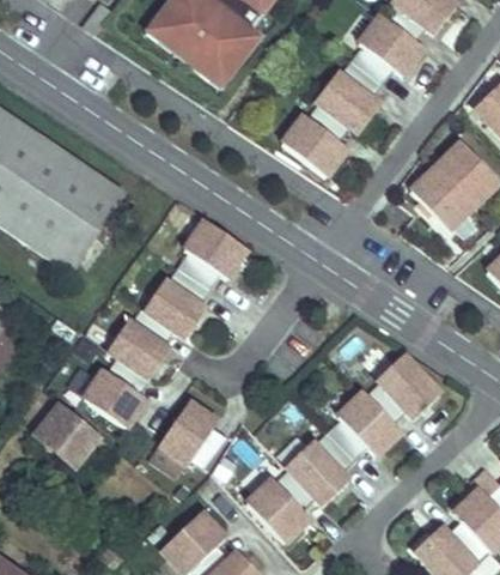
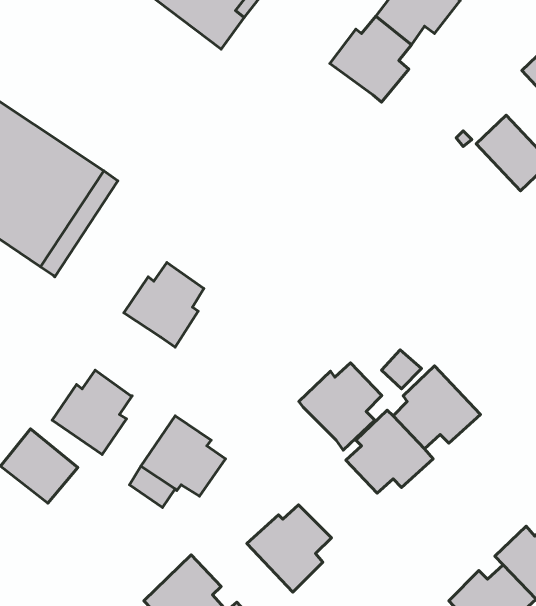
building: [281,104,350,177] -> none
building: [411,168,474,231] -> none
building: [178,219,245,289] -> none
building: [106,308,173,379] -> none
building: [285,432,354,506] -> [299,363,382,450]

